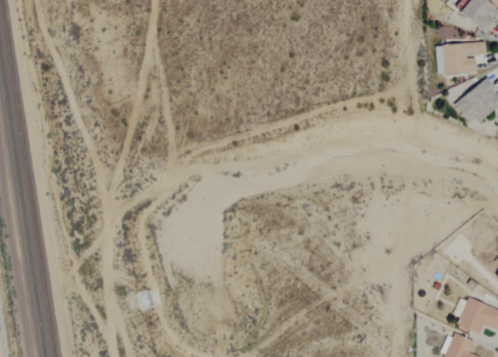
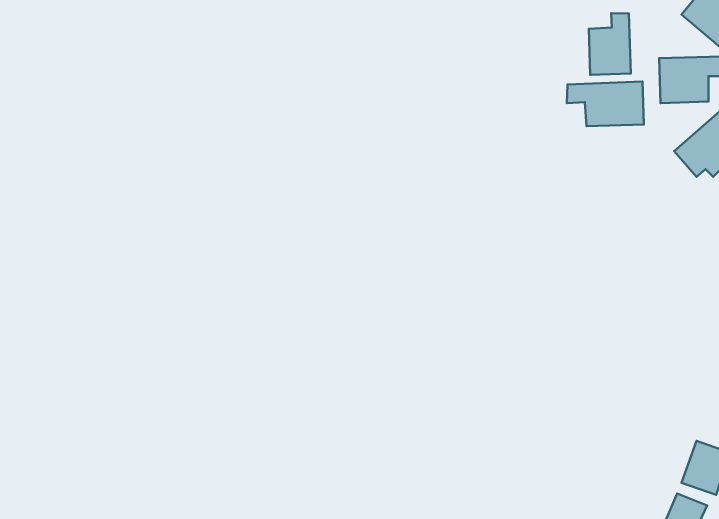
building: none -> [589,13,631,75]
building: none -> [567,82,644,126]

